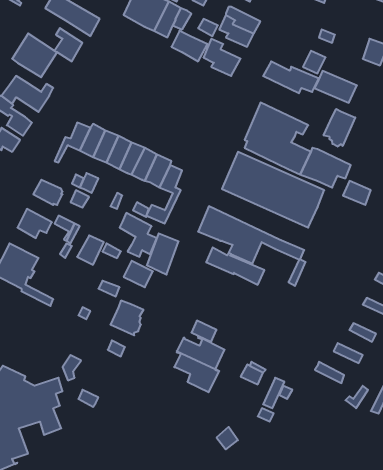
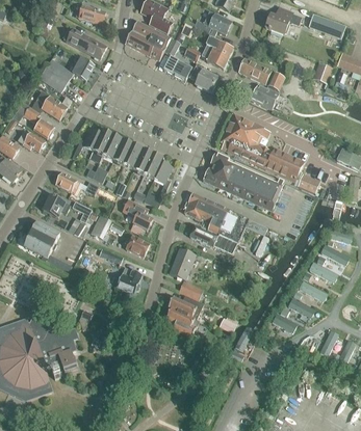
building: [314,71,357,103] -> [237,58,270,83]
building: [324,109,355,147] -> none
building: [147,233,179,275] -> [170,248,195,280]

